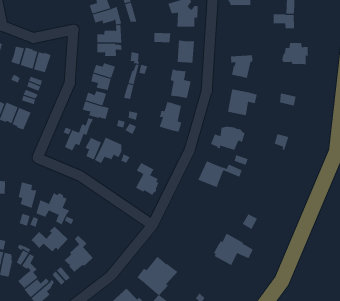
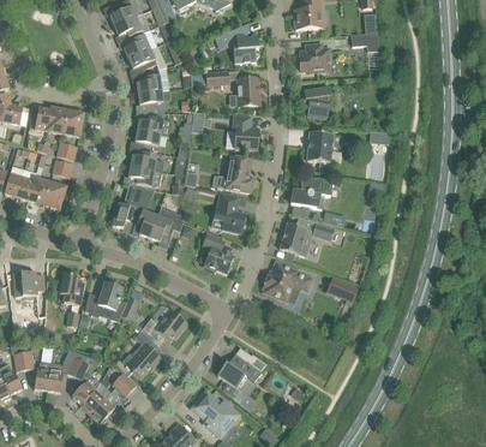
building: [282,43,308,65] -> [298,43,330,71]
building: none -> [212,192,245,232]
building: [30,226,69,252] -> [140,308,187,340]
building: [213,233,254,266] -> [262,261,311,300]

